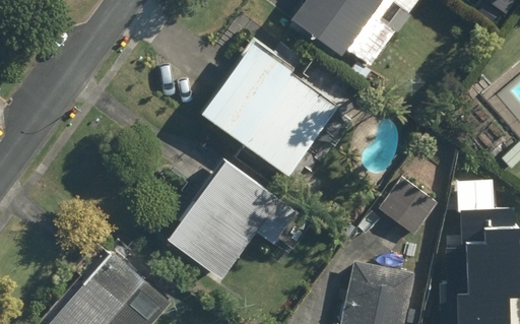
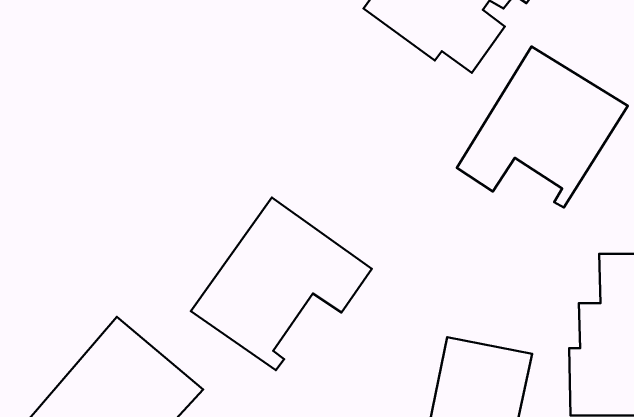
building: [200,39,353,185] -> none
building: none -> [457,47,628,208]
building: [381,179,441,237] -> none

